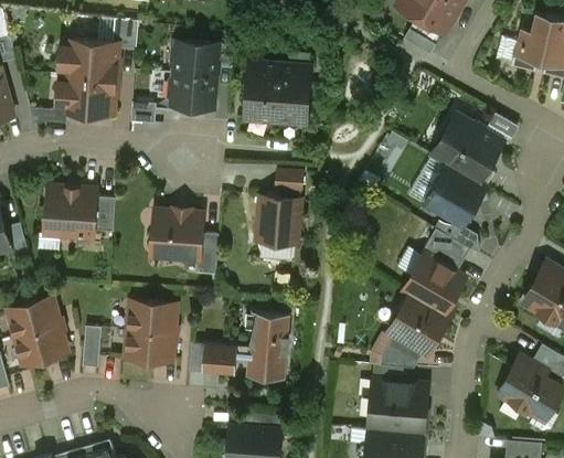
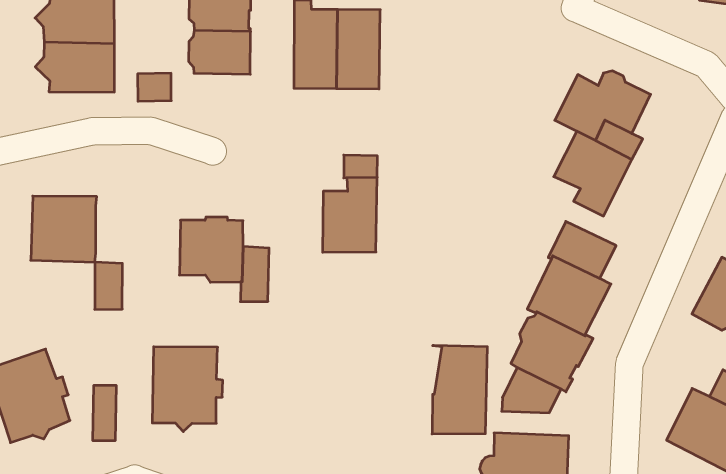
building: [93,196,115,232] -> [95,262,122,309]
building: [246,312,290,379] -> [432,346,487,434]
building: [189,343,237,375] -> none

